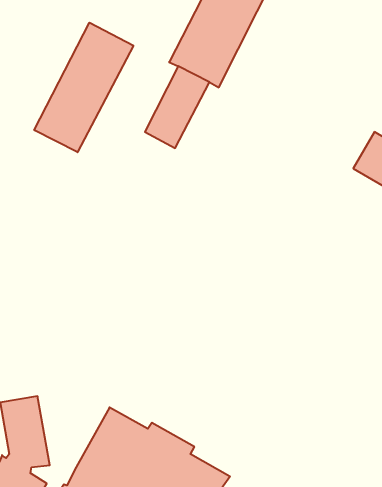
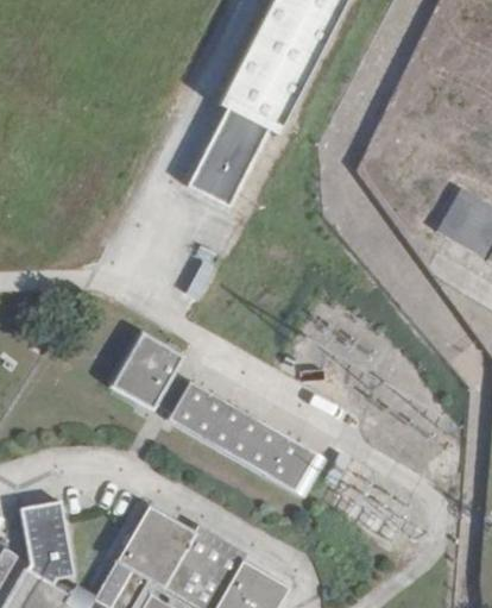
building: [34,23,133,152] -> none
building: none -> [105,328,326,506]

